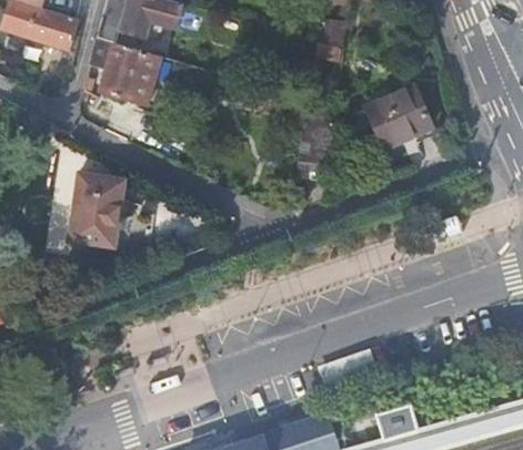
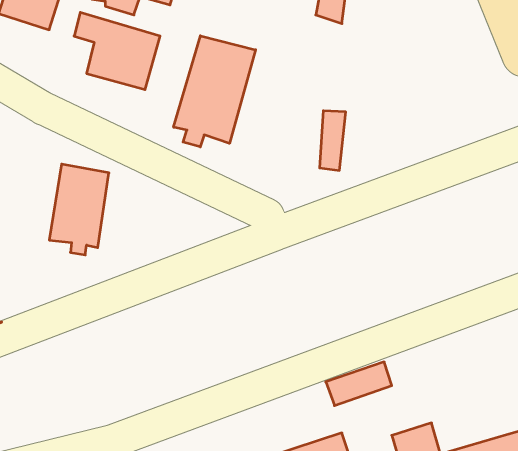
building: none -> [174,36,256,147]
building: [363,89,426,147] -> none

